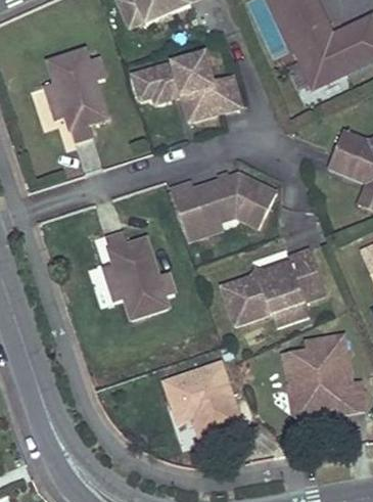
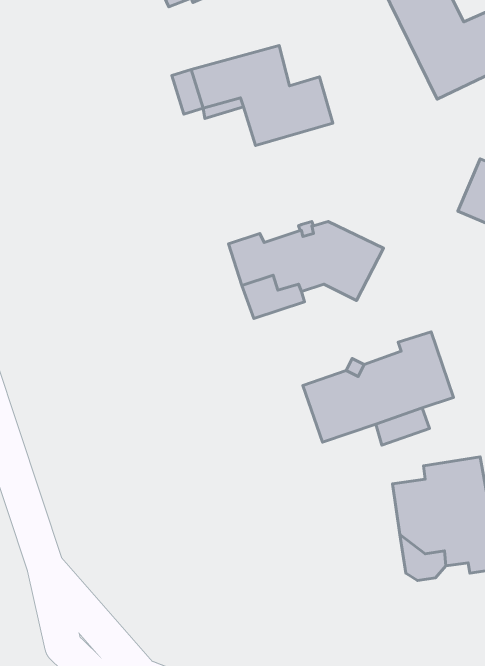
building: [44,49,109,142] -> none
building: [103,233,175,316] -> none
building: [167,361,241,436] -> none

